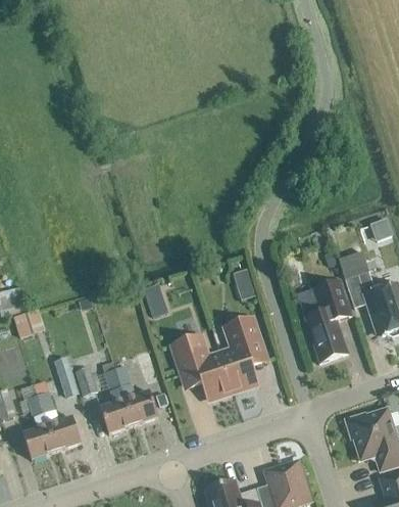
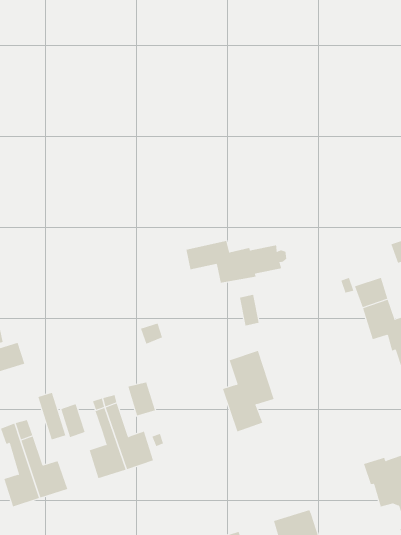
building: none -> [186,240,287,284]
building: [299,279,351,362] -> none
building: [172,335,232,399] -> none

